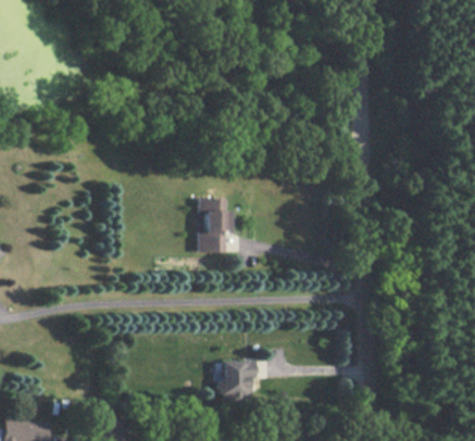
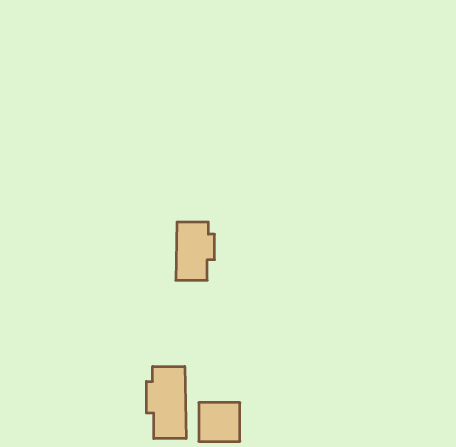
building: none -> [146,366,186,439]

